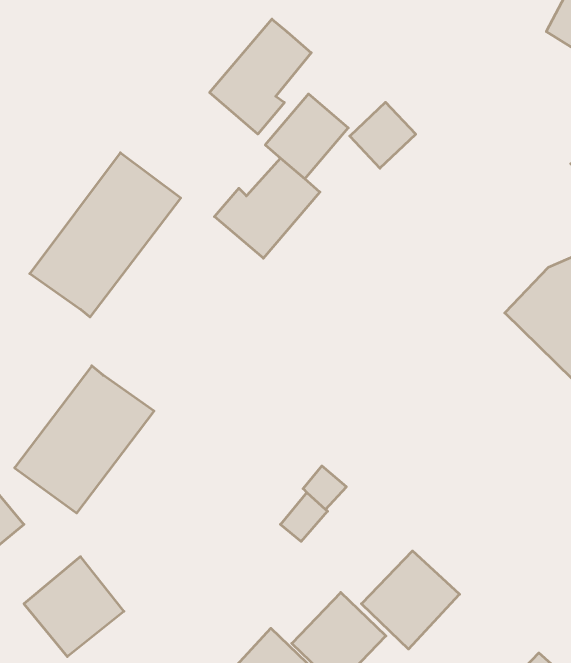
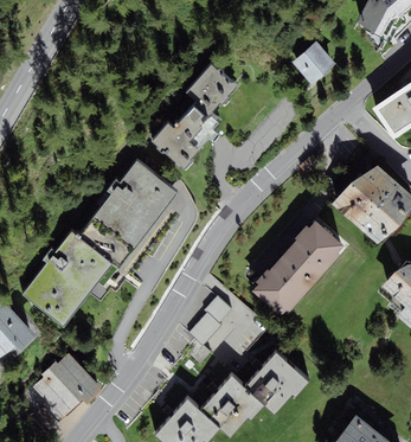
building: [210,19,311,134] -> none
building: [350,102,416,168] -> [293,43,334,84]
building: [30,153,181,317] -> [81,164,175,267]
building: none -> [255,219,346,313]

